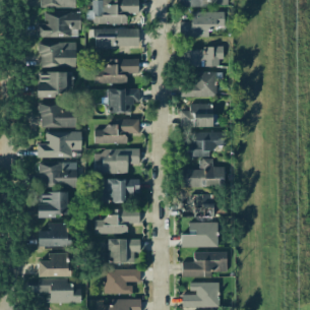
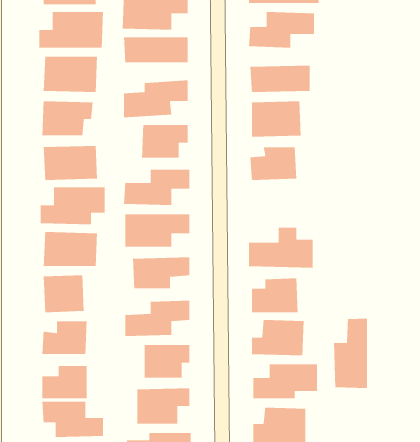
building: [180,131,226,157] -> none
building: none -> [333,318,368,389]

